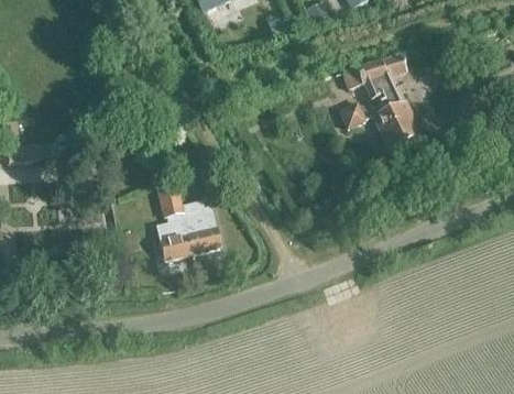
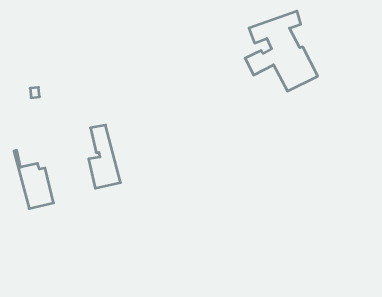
building: [175,185,221,253] -> [14,150,54,209]

